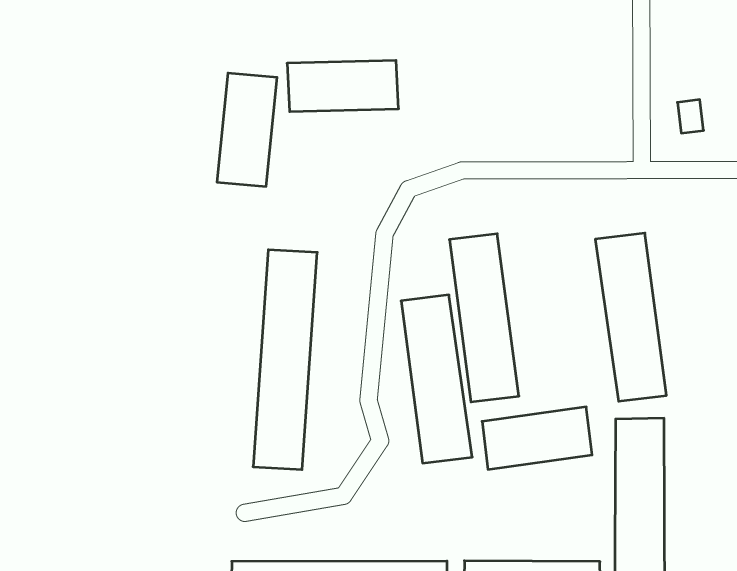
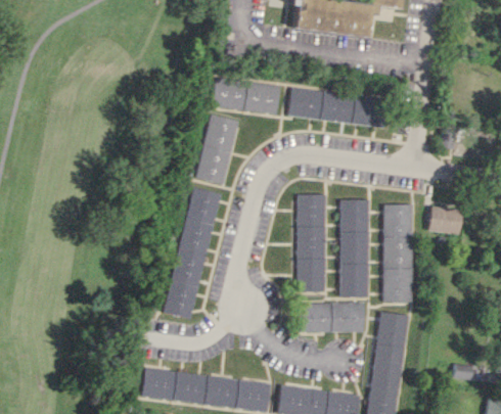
building: none -> [285,88,384,127]
building: [217,73,277,186] -> [193,114,236,184]
building: none -> [427,206,461,234]
building: [401,295,472,463] -> [338,199,369,296]

